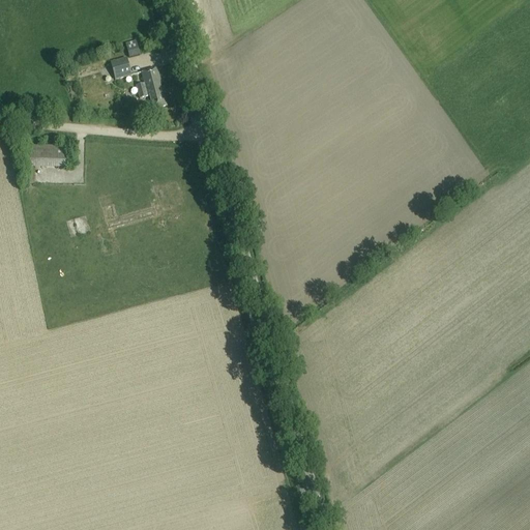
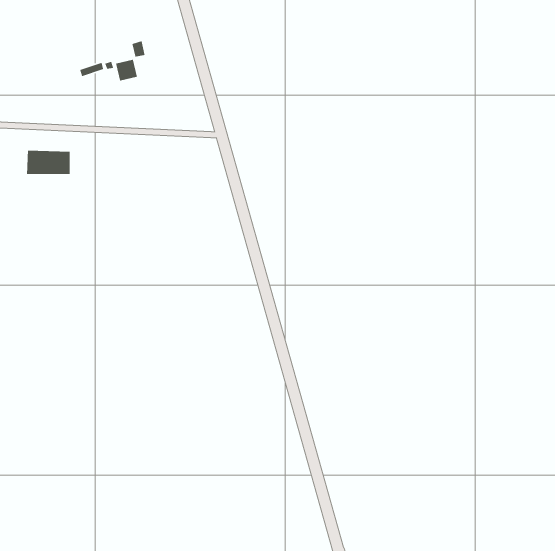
building: [137,65,168,107] -> none

